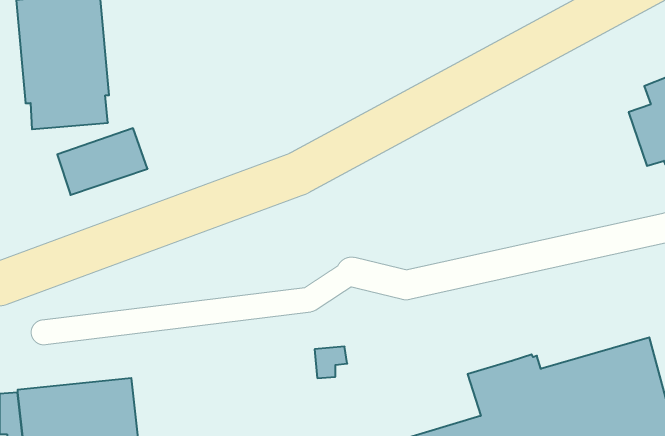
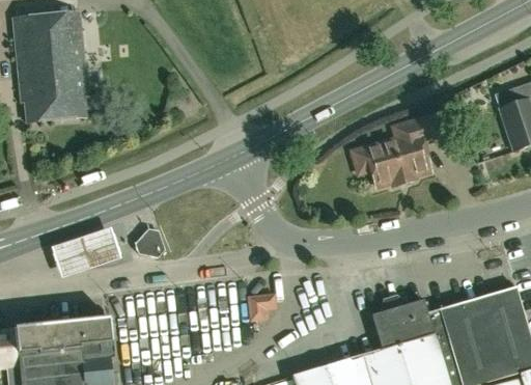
building: none -> [363,112,449,186]
building: [57,128,148,195] -> [52,220,123,273]
building: none -> [136,228,165,256]

